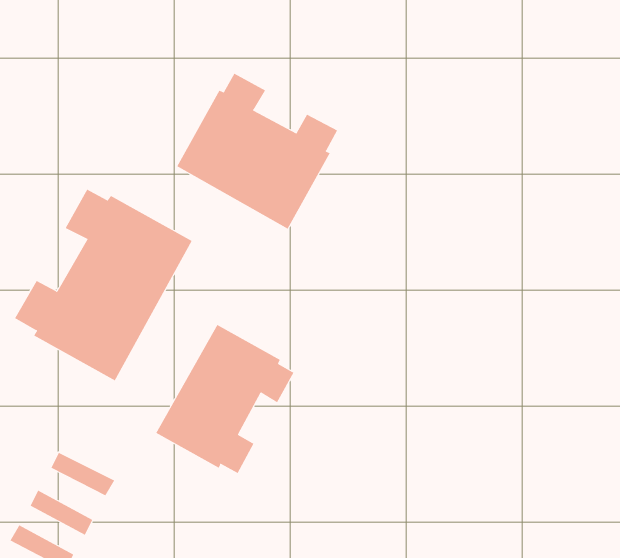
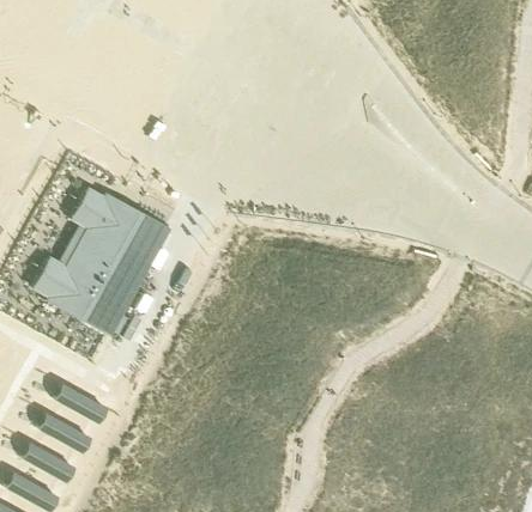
building: [176,73,338,230] -> none
building: [156,324,294,474] -> none

